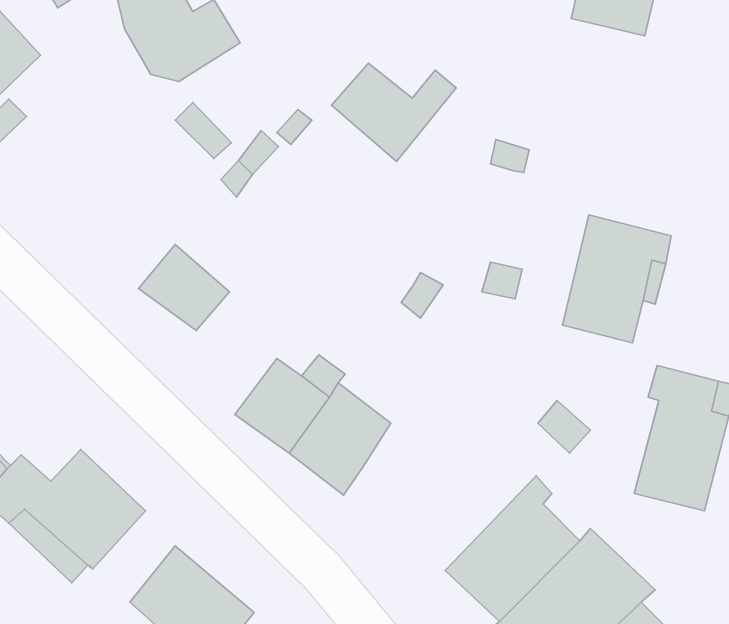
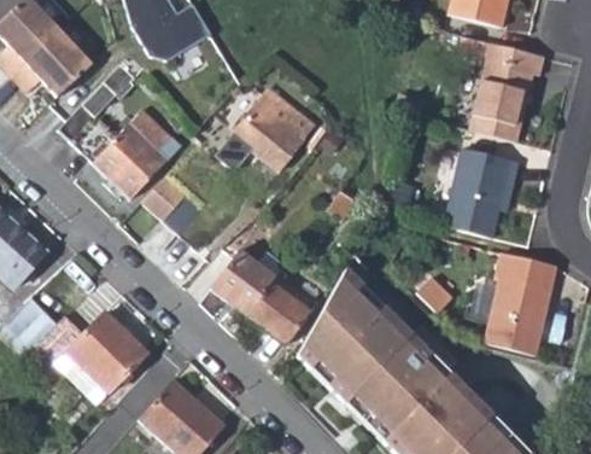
building: none -> [466,45,540,145]
building: [332,63,456,161] -> [233,105,318,173]
building: none -> [65,85,182,202]
building: none -> [303,266,419,401]

